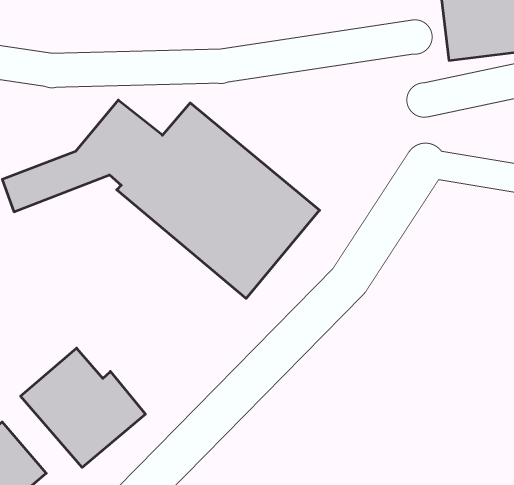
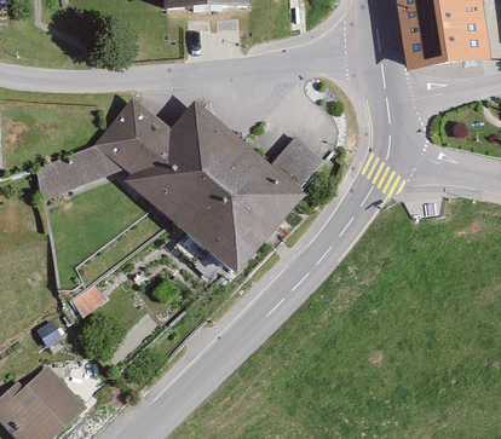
building: none -> [276,133,329,187]
building: [21,348,145,467] -> none

